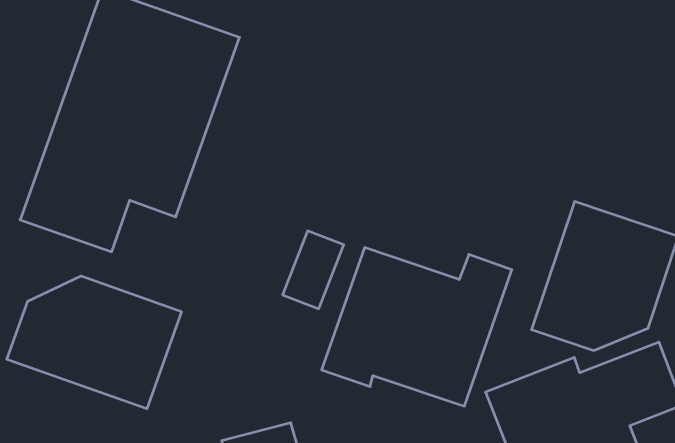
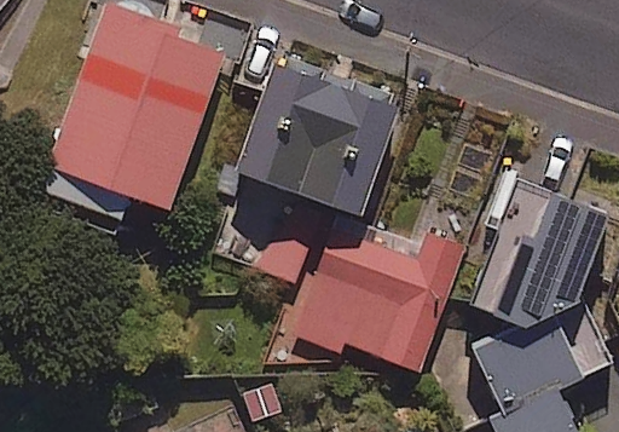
building: none -> [237,62,397,211]
building: [7,276,181,409] -> none

